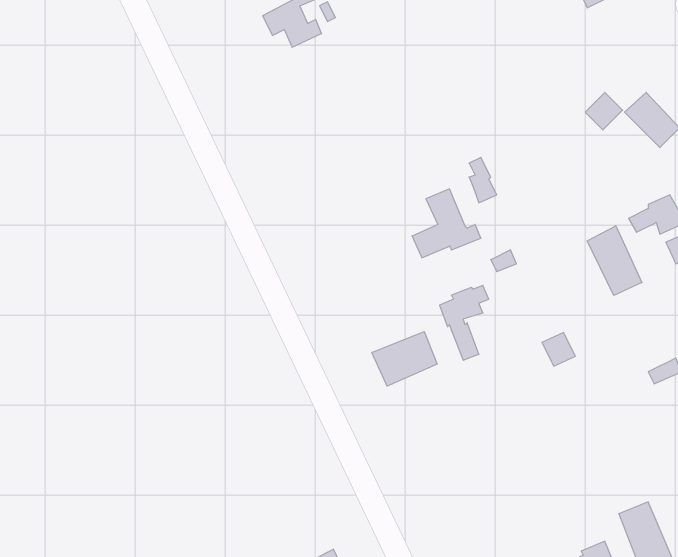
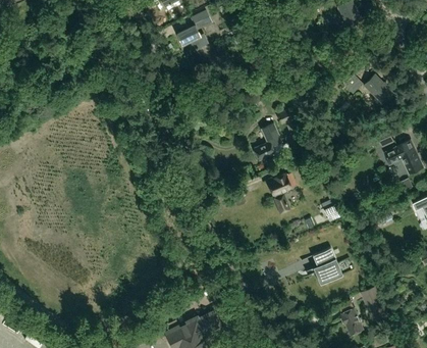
building: [587,226,642,295] -> none
building: [372,332,437,386] -> none
building: none -> [312,248,342,285]

